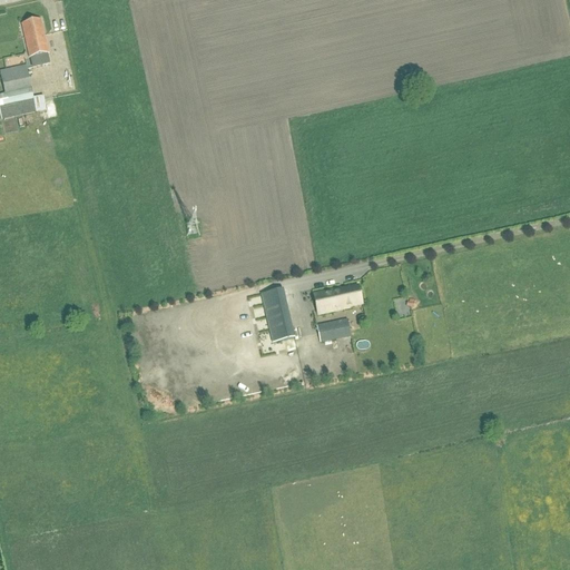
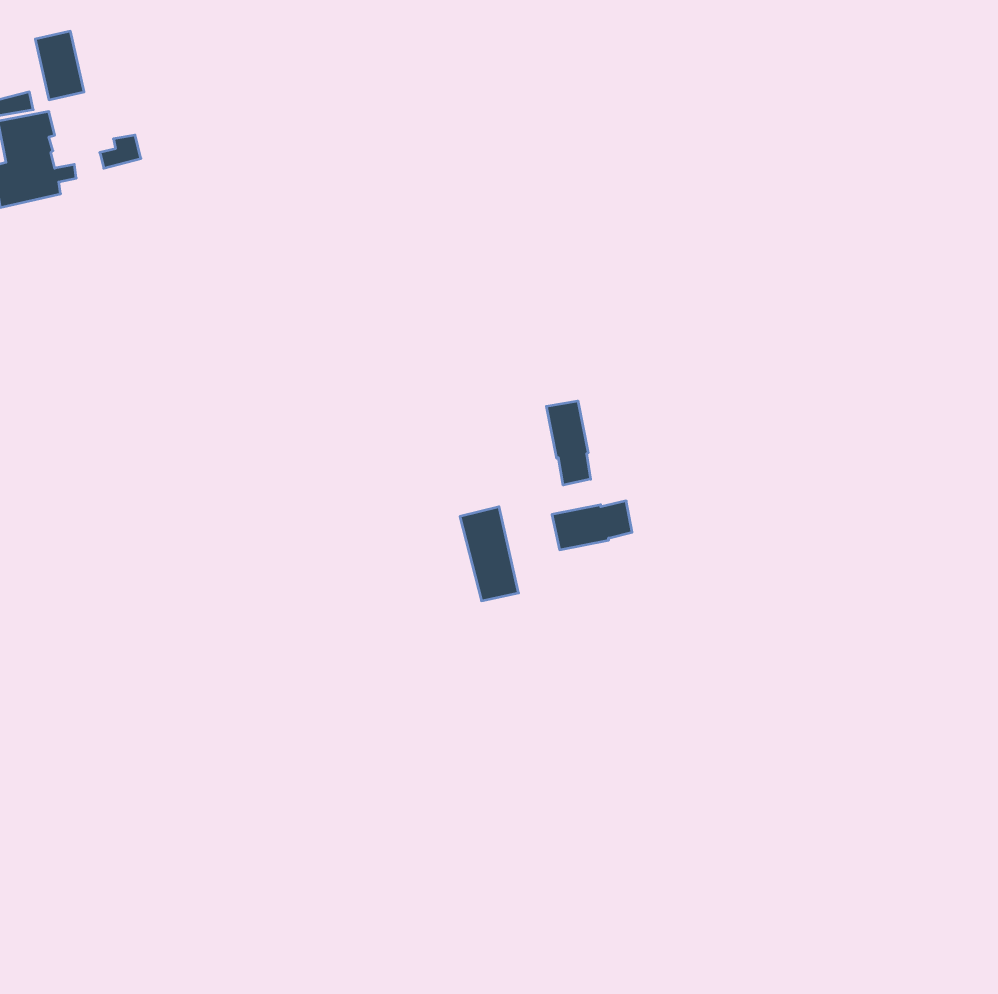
building: none -> [546,401,591,485]
building: [315,318,350,341] -> none

